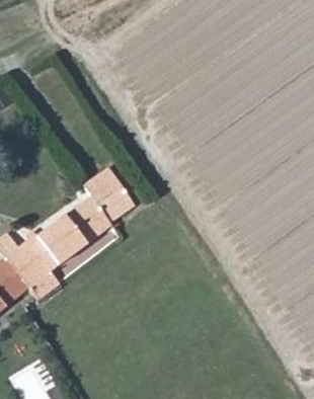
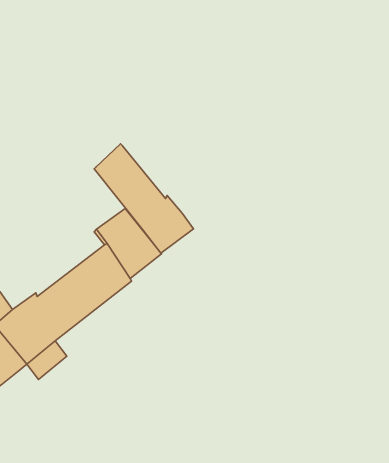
building: none -> [94,144,194,253]

